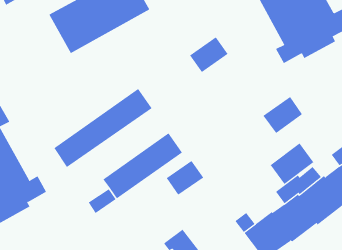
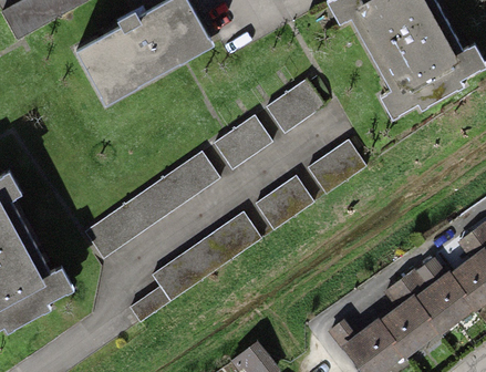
building: none -> [216,116,269,165]
building: [263,96,303,134] -> [309,141,363,192]
building: [270,142,314,185] -> none
building: [166,160,204,195] -> [258,179,310,227]

